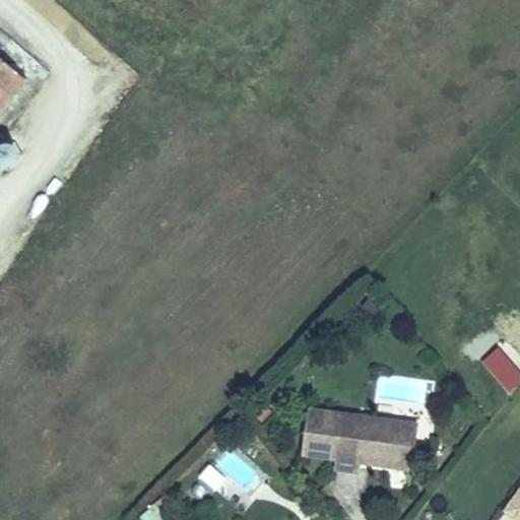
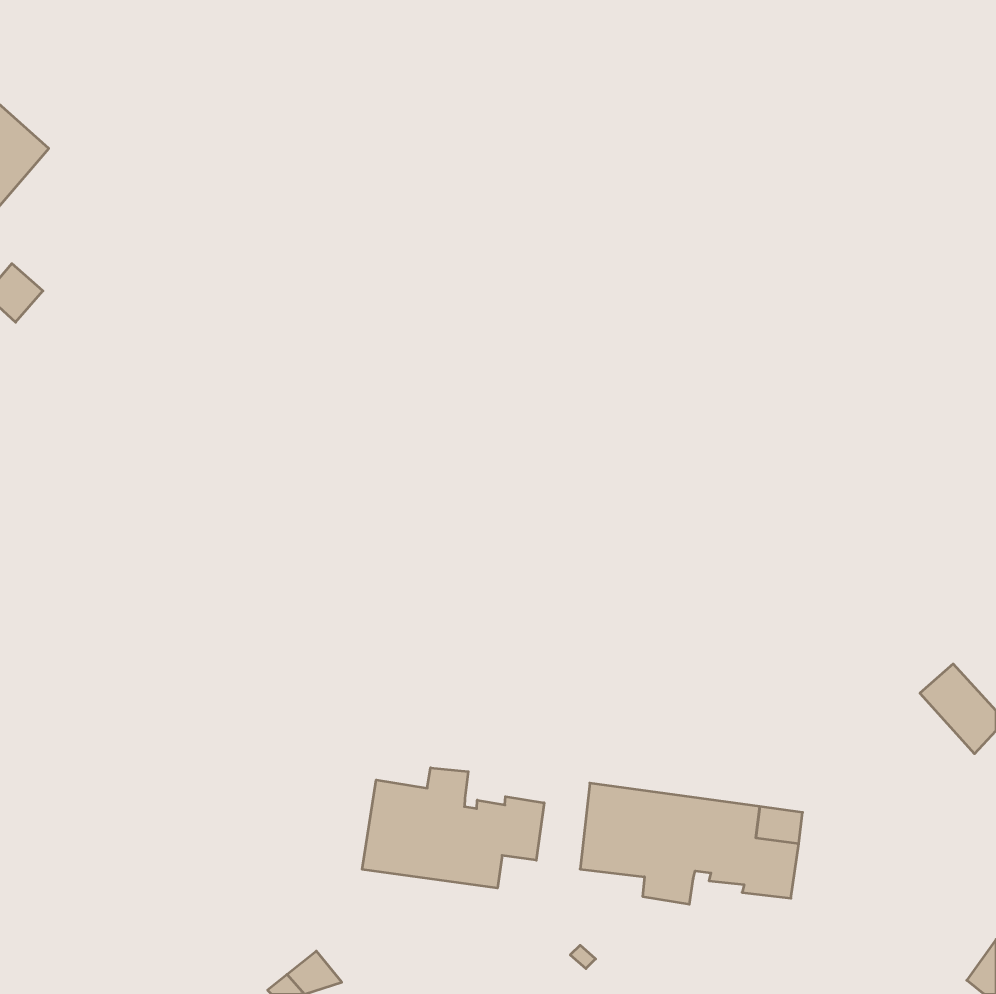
building: none -> [362,768,544,888]

